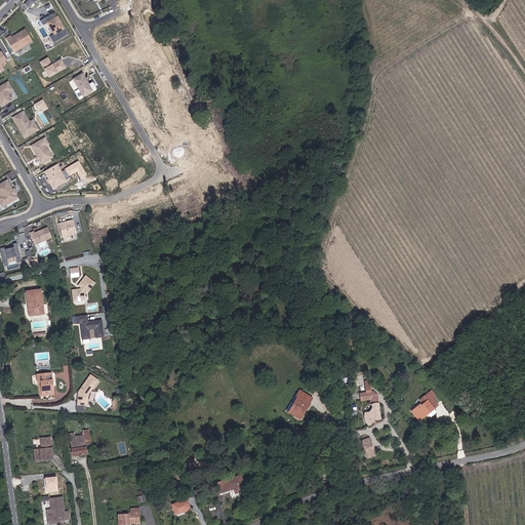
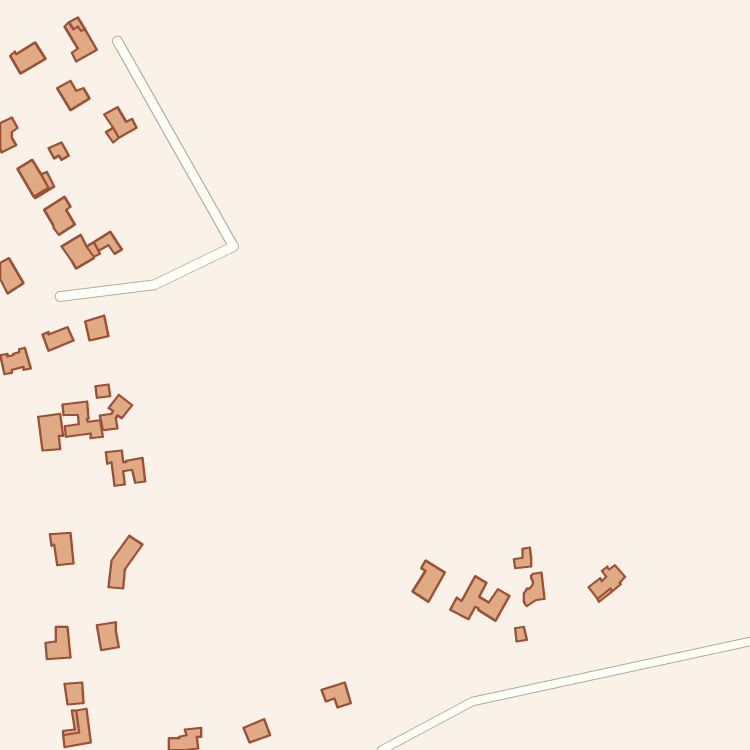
building: none -> [62,401,103,438]
building: none -> [450,576,509,621]

